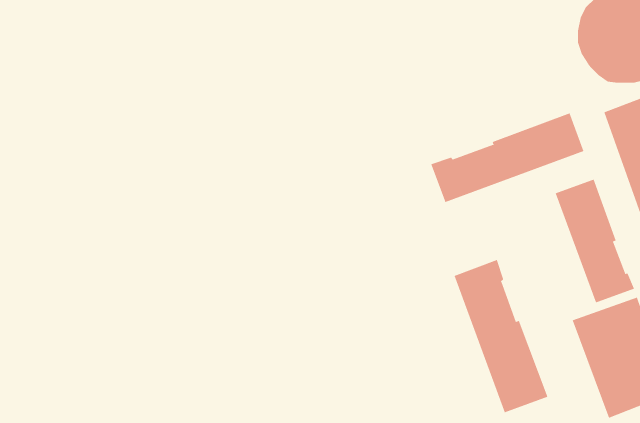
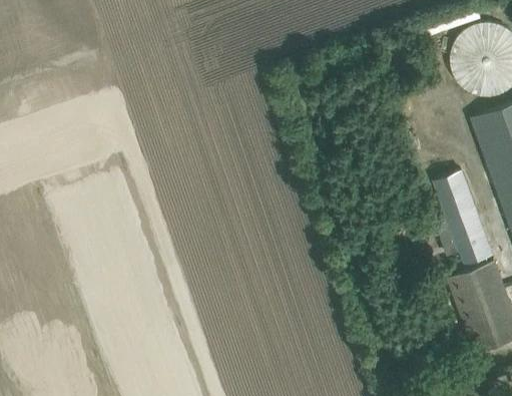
building: [431,112,584,203] -> none
building: [454,259,548,413] -> none

